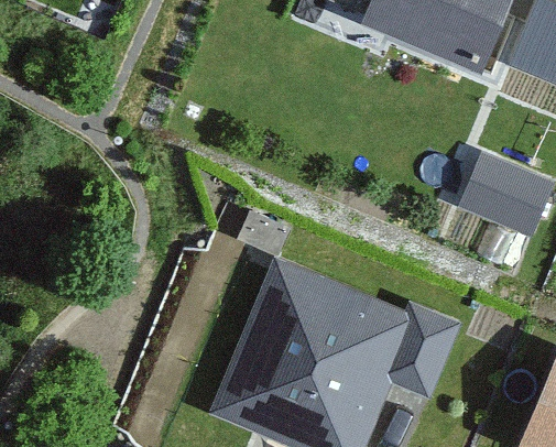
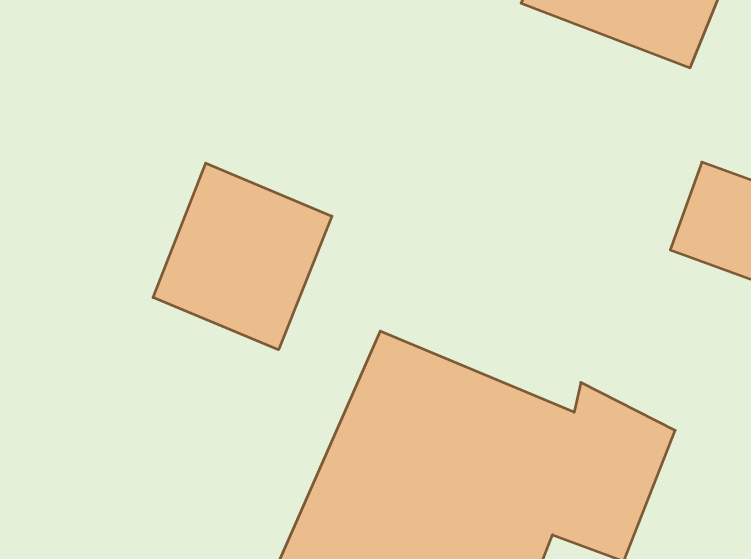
building: none -> [153,163,332,350]

